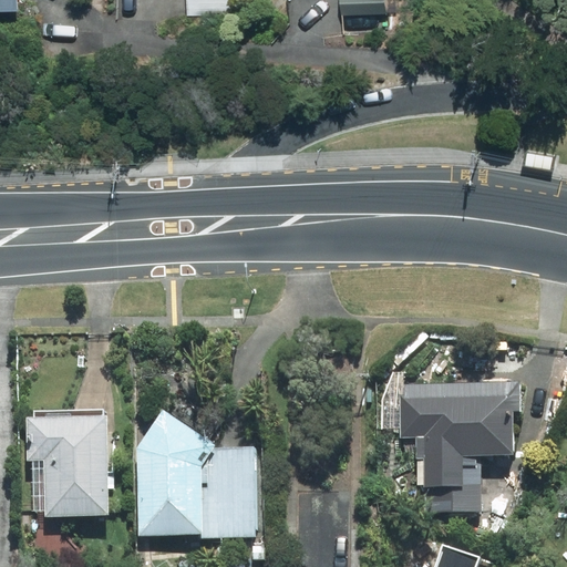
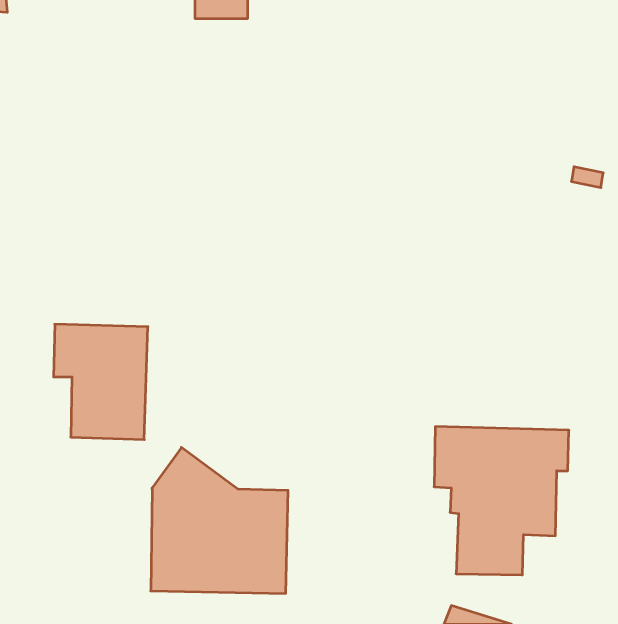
building: [31,411,116,515] -> [54,324,148,440]

